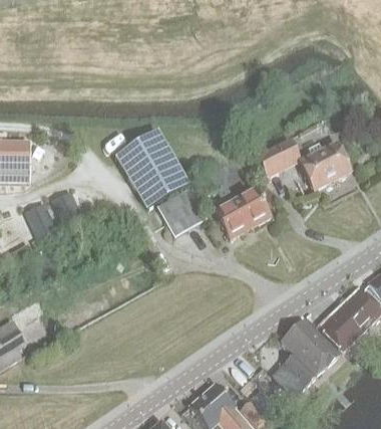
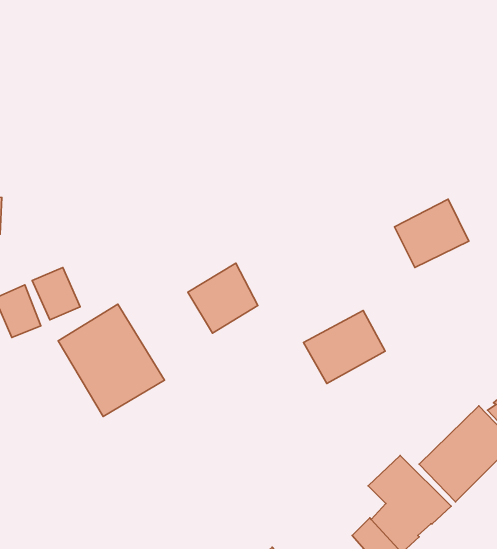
building: [115,131,188,208] -> [58,304,164,416]
building: [257,140,298,177] -> none
building: [214,188,270,238] -> [304,311,385,383]

